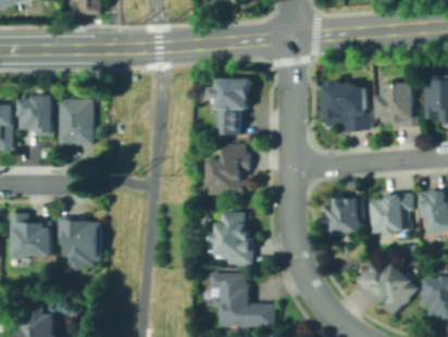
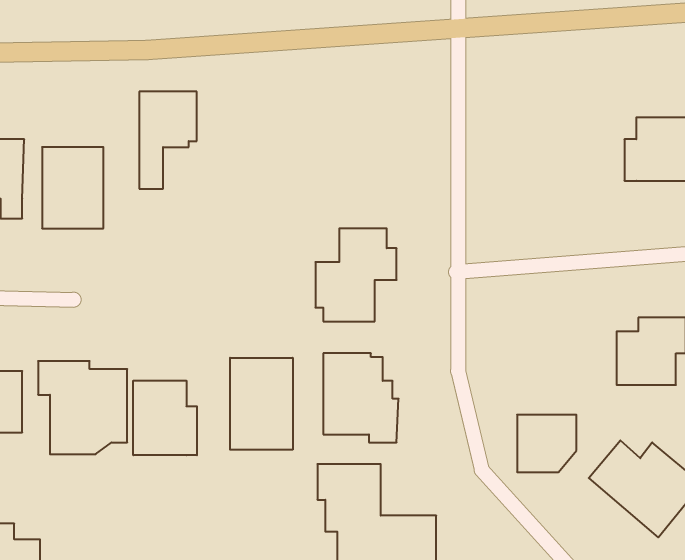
building: [216,80,248,134] -> [139,92,197,189]
building: [325,80,368,133] -> none
building: [329,201,362,233] -> [517,415,576,472]
building: none -> [230,358,293,450]
building: none -> [133,381,197,455]

